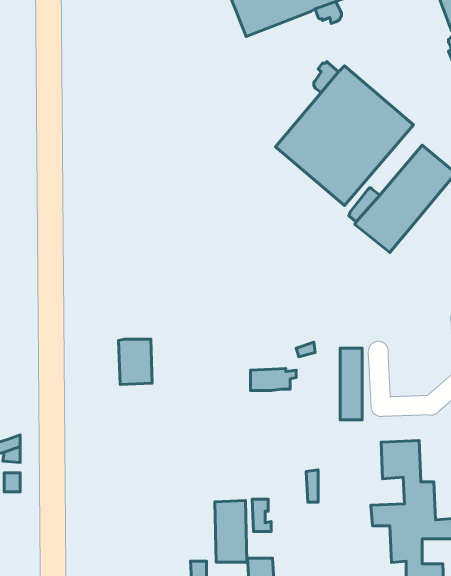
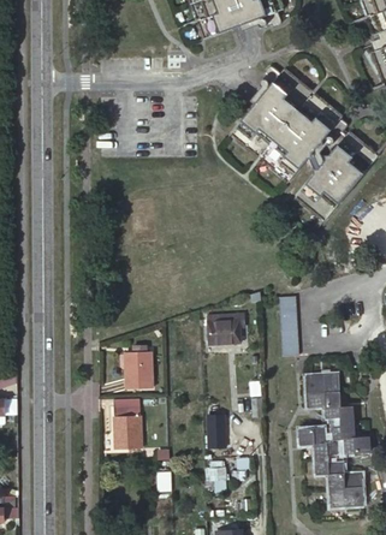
building: [119,339,152,385] -> [124,351,152,388]
building: [215,500,247,562] -> [112,397,138,447]

